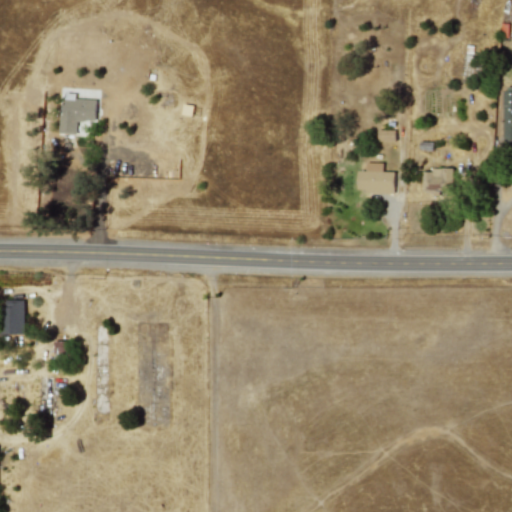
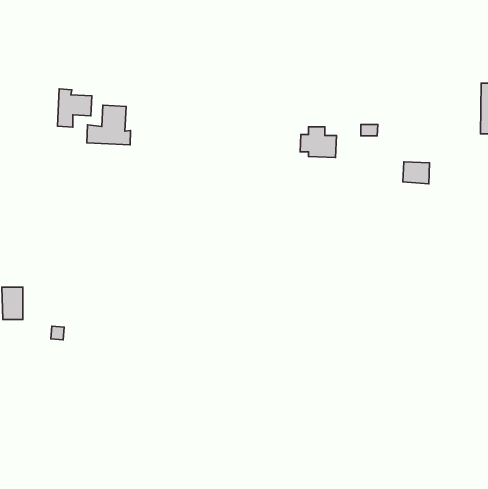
building: none -> [87,105,130,145]
building: [357,163,395,195] -> [300,127,336,158]

